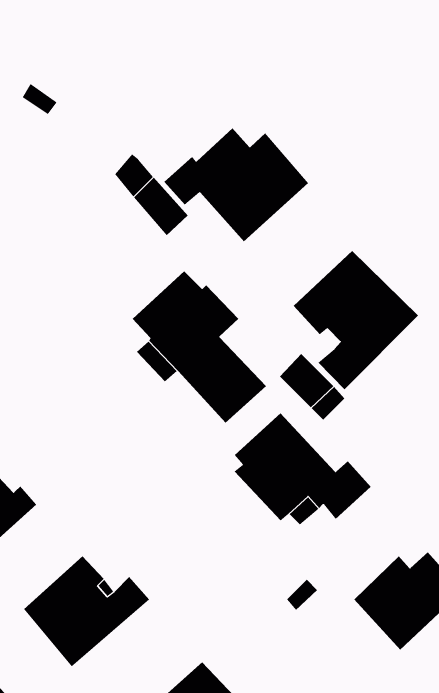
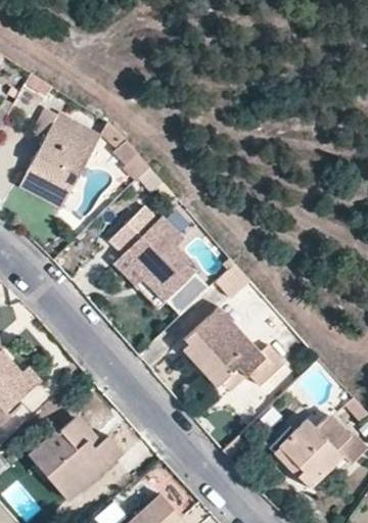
building: [164,128,309,242] -> none
building: none -> [20,107,95,206]
building: [293,250,419,390] -> none

